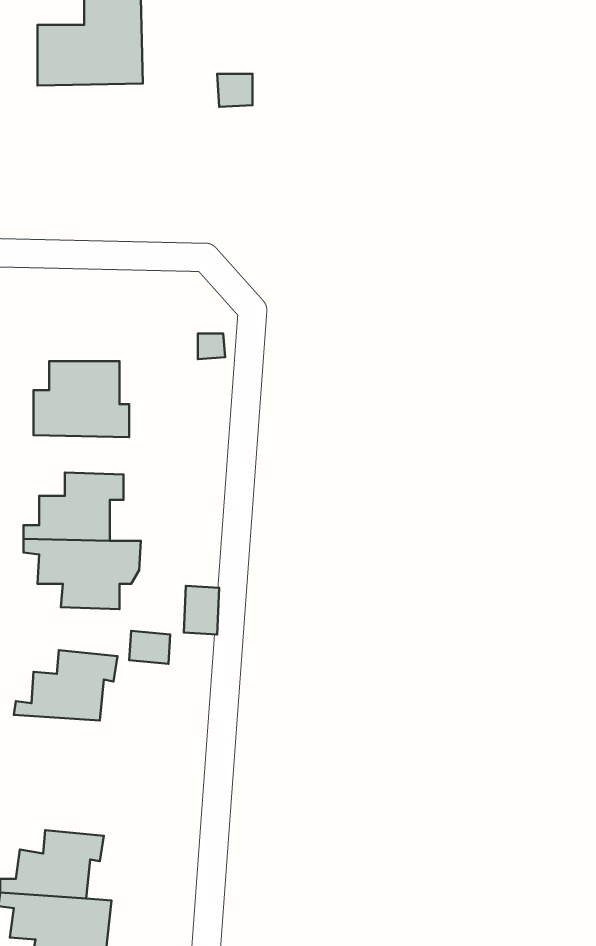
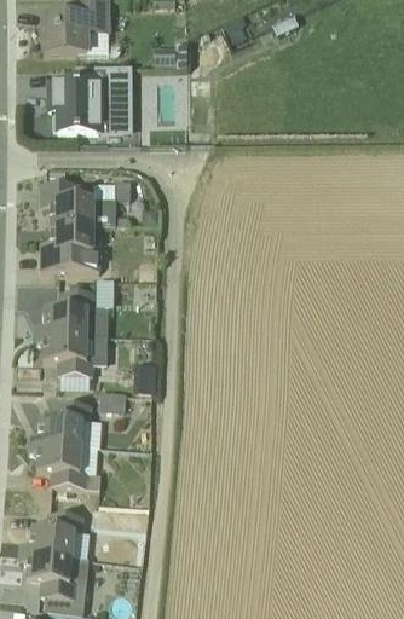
building: none -> [48,69,132,133]
building: none -> [41,185,115,226]
building: none -> [28,445,88,491]

